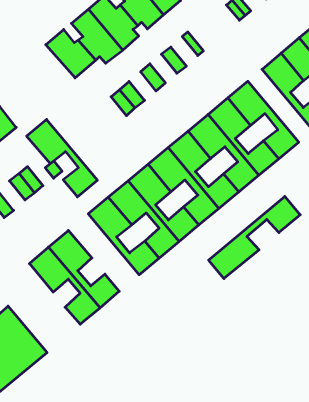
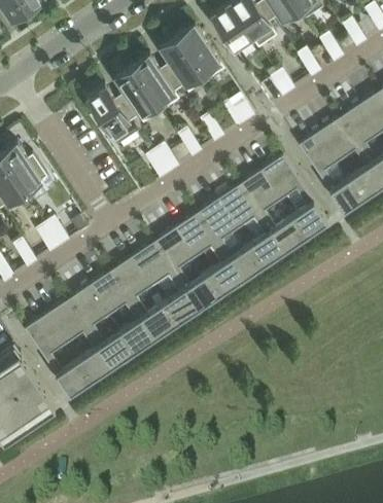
building: [27,119,97,197] -> [90,272,155,352]
building: [209,196,300,279] -> none
building: none -> [26,315,92,395]

